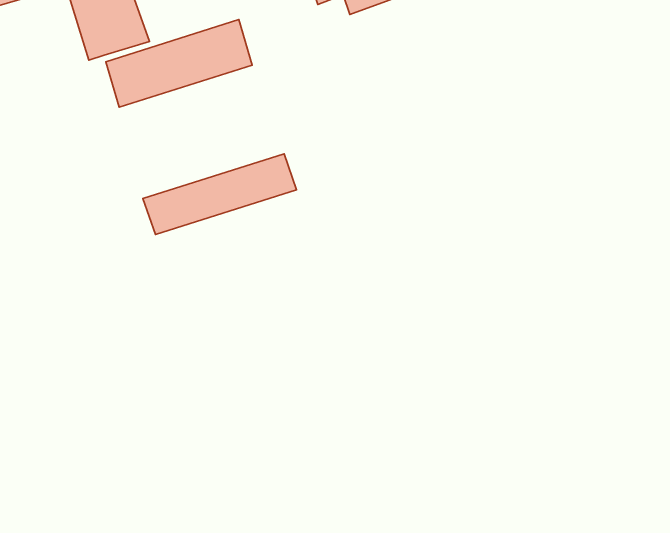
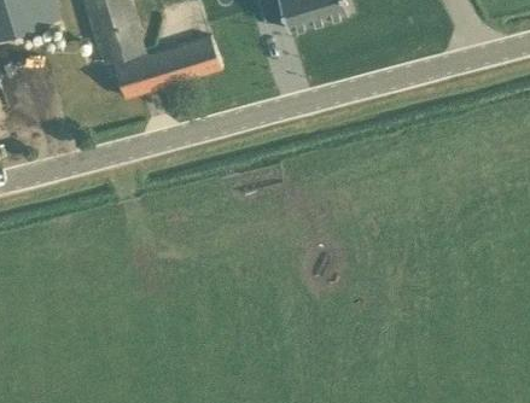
building: [143,154,296,235] -> none

